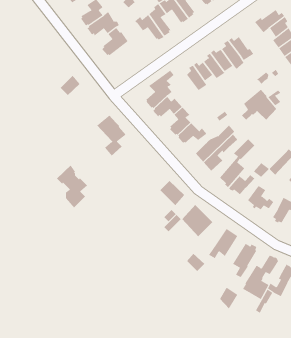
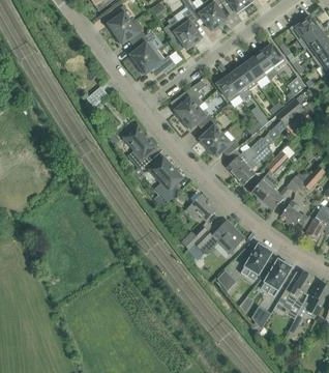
building: none -> [137,50,174,77]
building: [56,165,88,208] -> [149,156,182,202]

